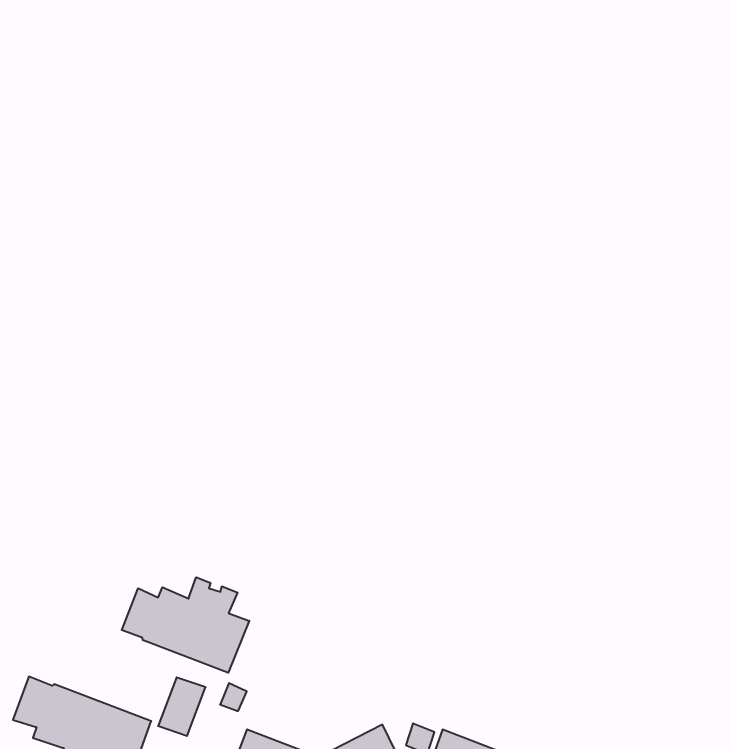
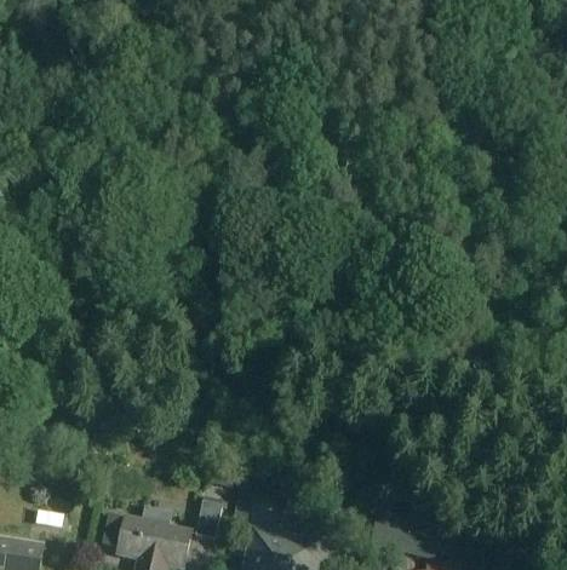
building: [122,577,249,673] -> none

